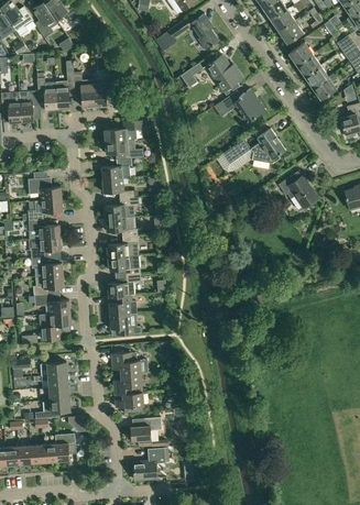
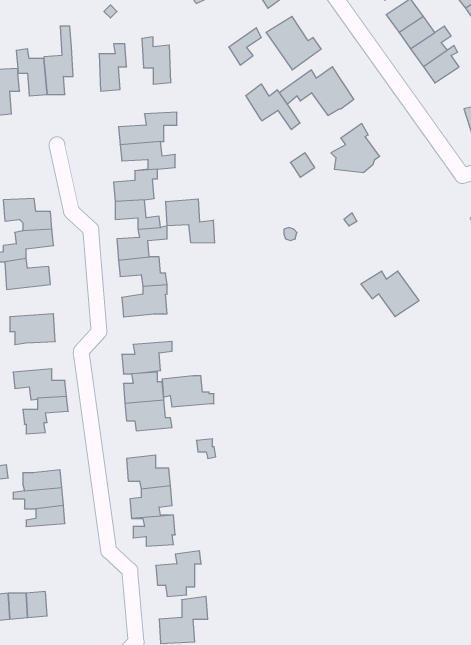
building: [74,75,94,107] -> [142,37,171,84]
building: none -> [246,84,300,130]
building: [279,176,318,207] -> [361,271,419,317]
building: none -> [166,199,214,243]
building: [30,237,62,259] -> none
building: [109,256,144,277] -> [162,376,214,407]
building: [34,275,64,296] -> none
building: [35,398,70,419] -> none
building: [55,435,76,461] -> none

